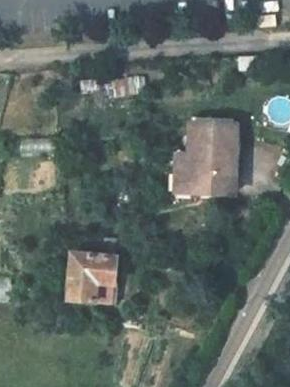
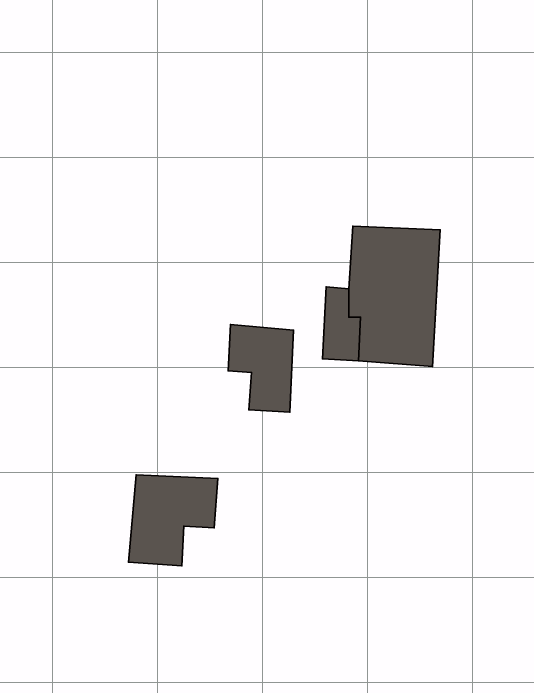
building: none -> [228,325,294,412]

